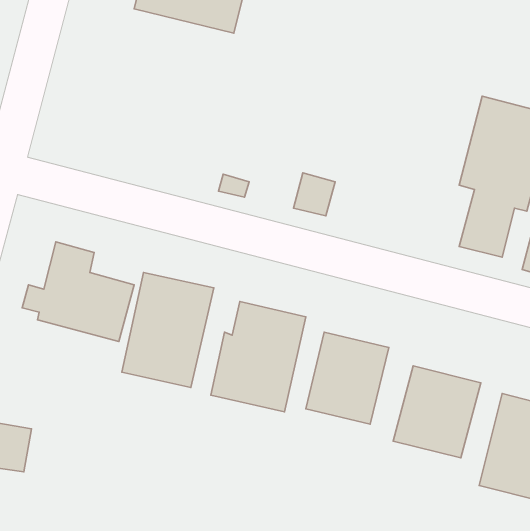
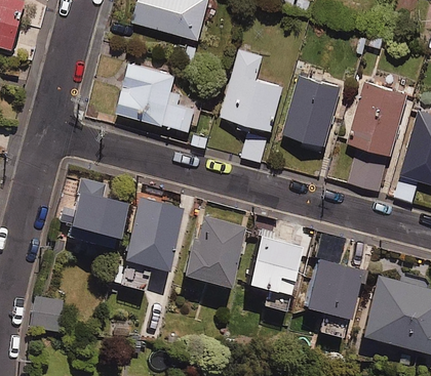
building: none -> [220,47,284,130]
building: none -> [115,61,197,131]
building: none -> [283,76,343,145]

